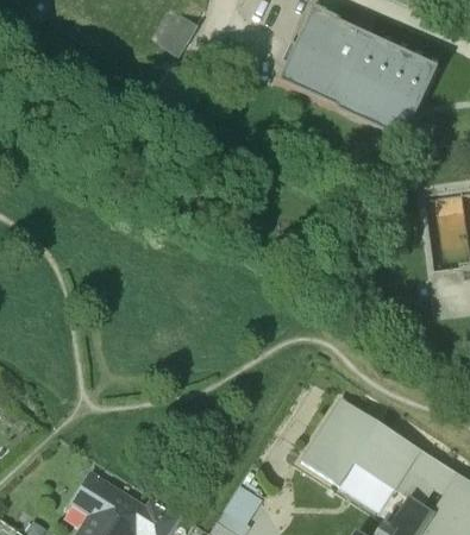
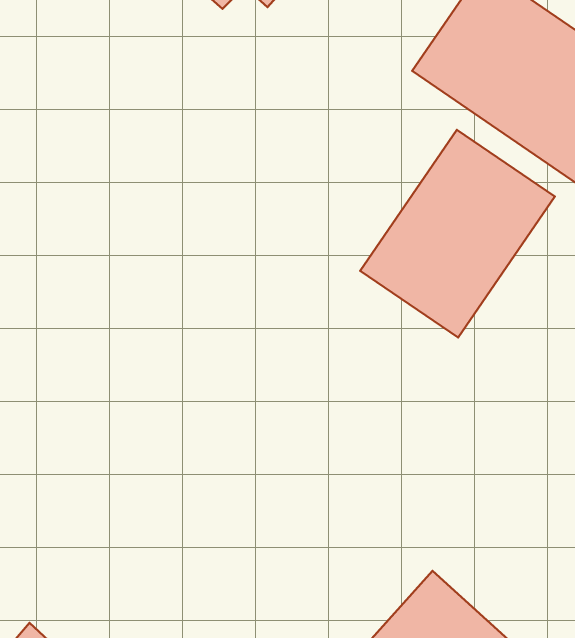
building: none -> [360,130,555,338]

